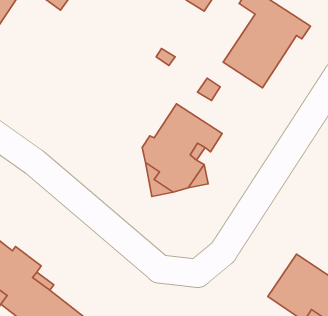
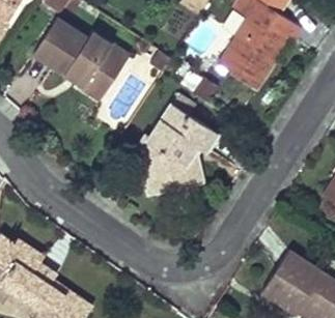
building: none -> [33,17,130,100]

